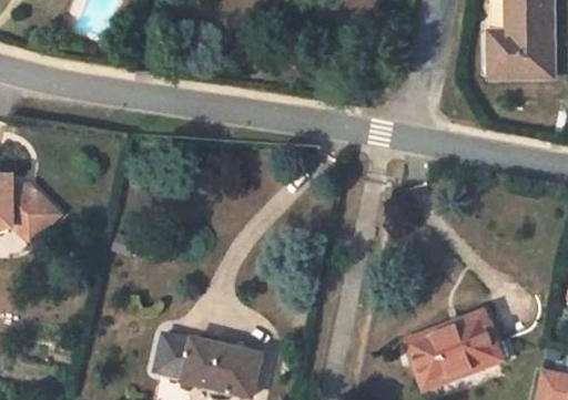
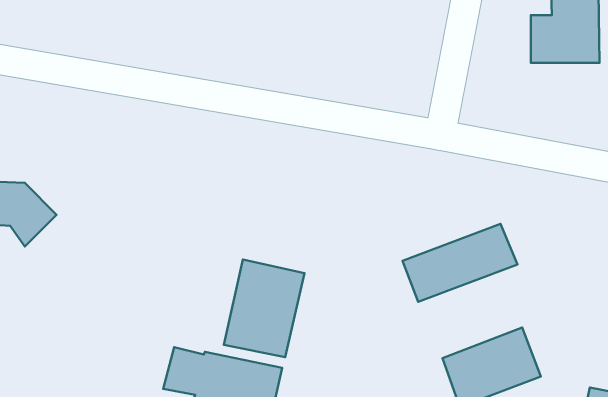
building: none -> [402,224,518,302]
building: none -> [224,260,304,357]

